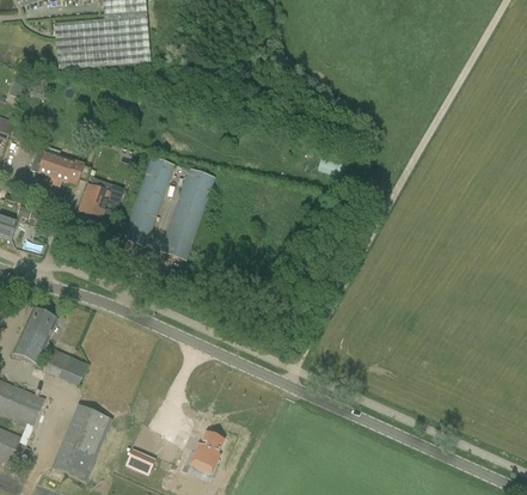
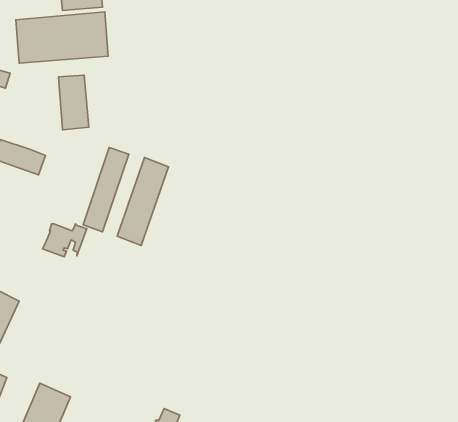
building: none -> [58,75,89,130]
building: [78,183,124,218] -> [43,224,87,257]
building: [43,348,87,385] -> none

